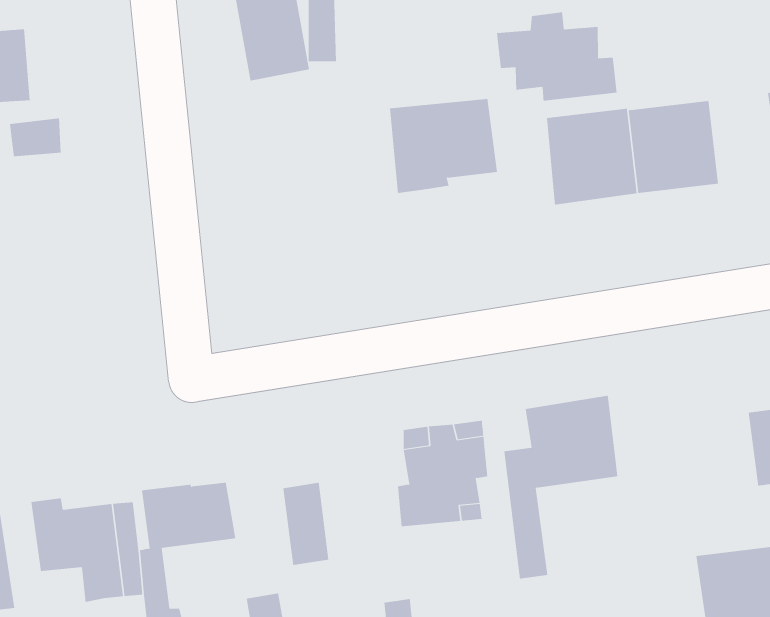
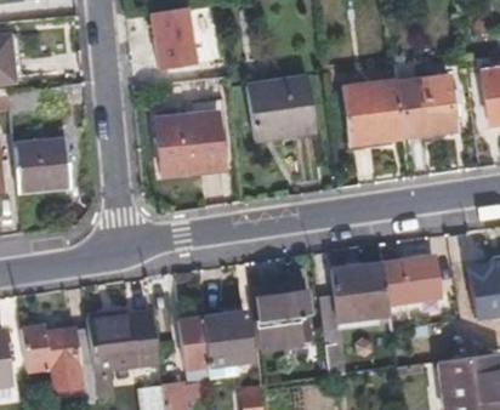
building: [496,12,617,101] -> none
building: none -> [157,112,223,173]
building: none -> [15,137,70,190]
building: none -> [383,256,441,302]
building: none -> [203,311,251,365]

